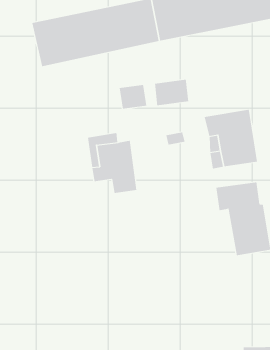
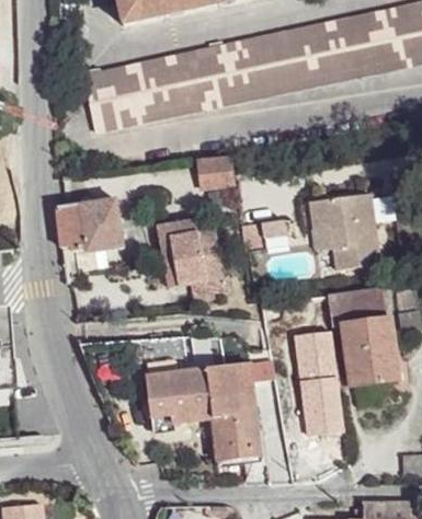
building: [154,79,189,106] -> none
building: none -> [56,199,123,273]
building: none -> [292,327,343,432]
building: none -> [145,364,258,461]

